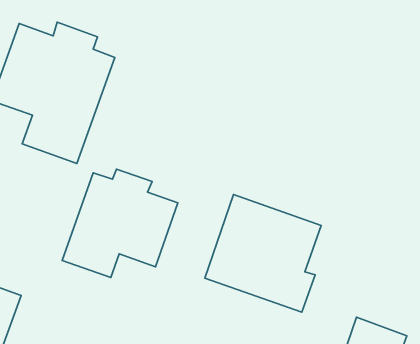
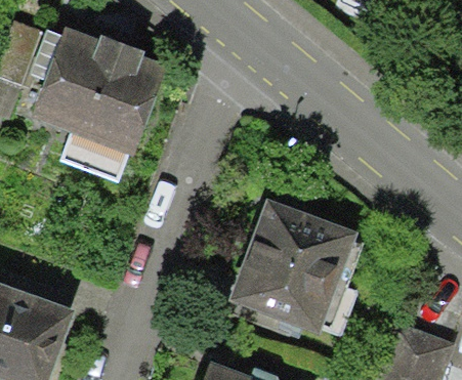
building: [62,169,178,278] -> none

